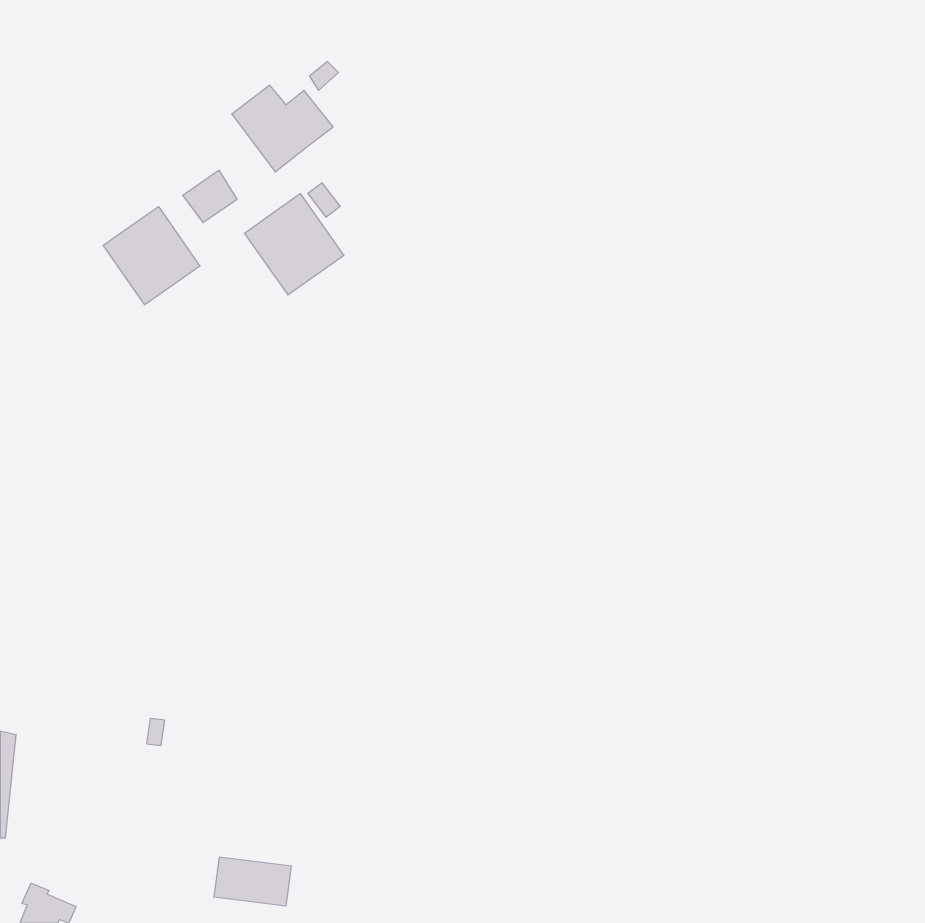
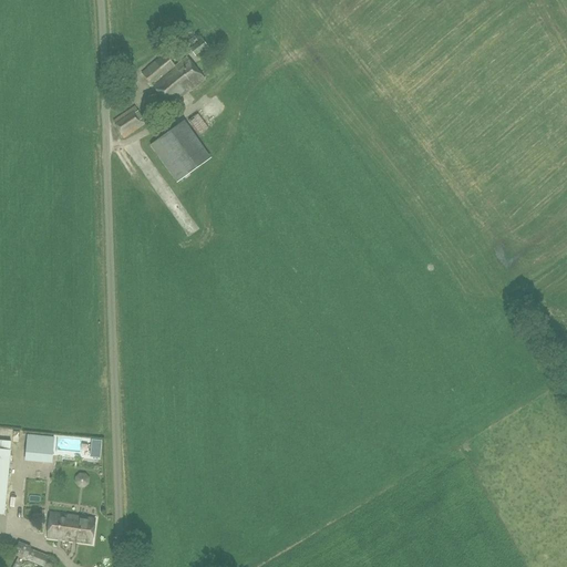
building: [103,207,200,305] -> none
building: none -> [25,437,53,461]
building: [214,857,292,906] -> [47,512,94,542]

